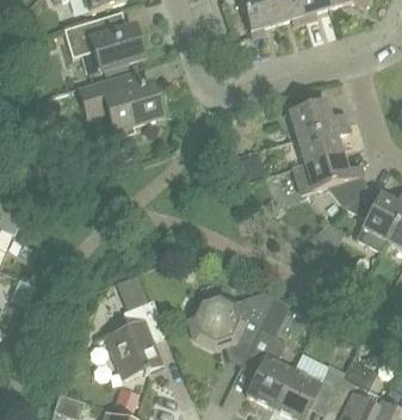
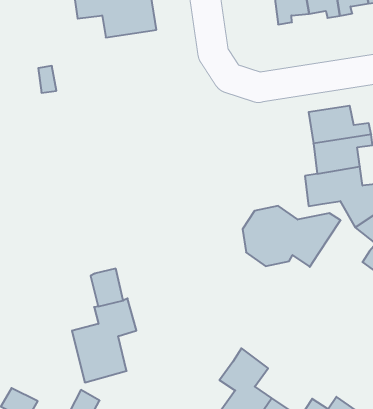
building: [79,69,162,130] -> none
building: [190,291,276,346] -> [243,206,341,267]

